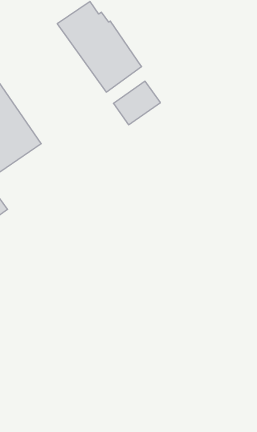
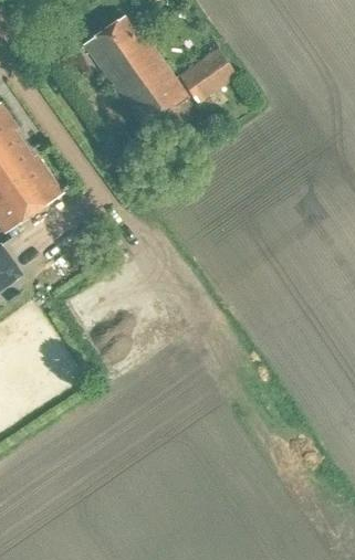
building: [113,81,160,125] -> [179,47,238,102]

